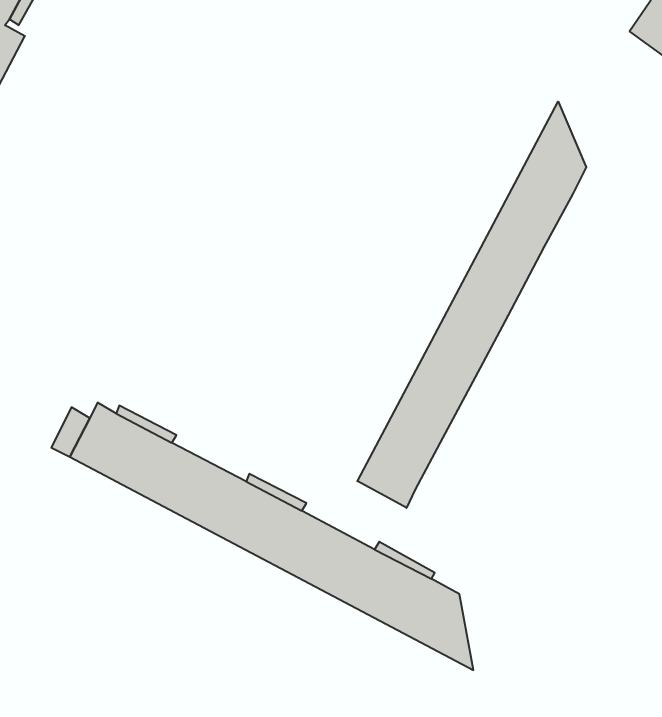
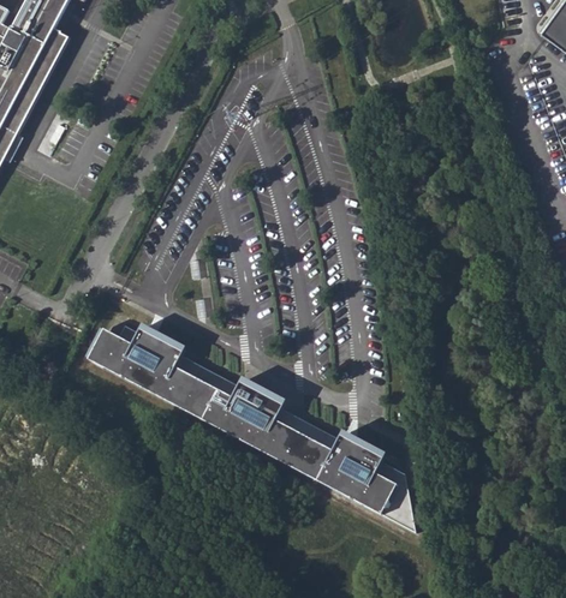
building: [357,102,586,508] -> none

